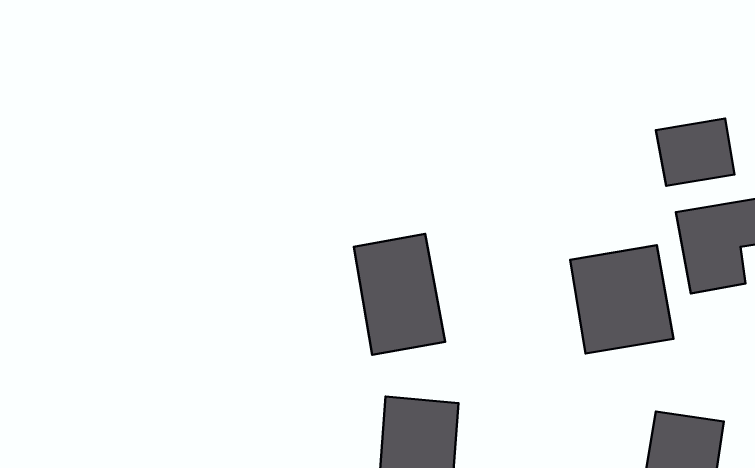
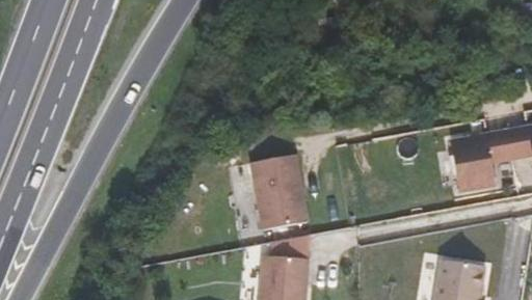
building: [656,118,734,186] -> none
building: [570,245,674,354] -> none

